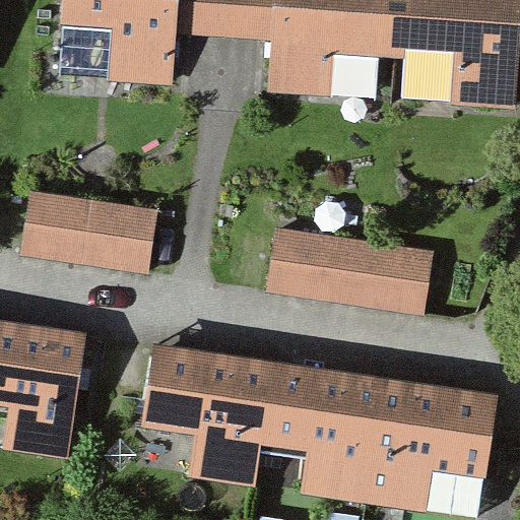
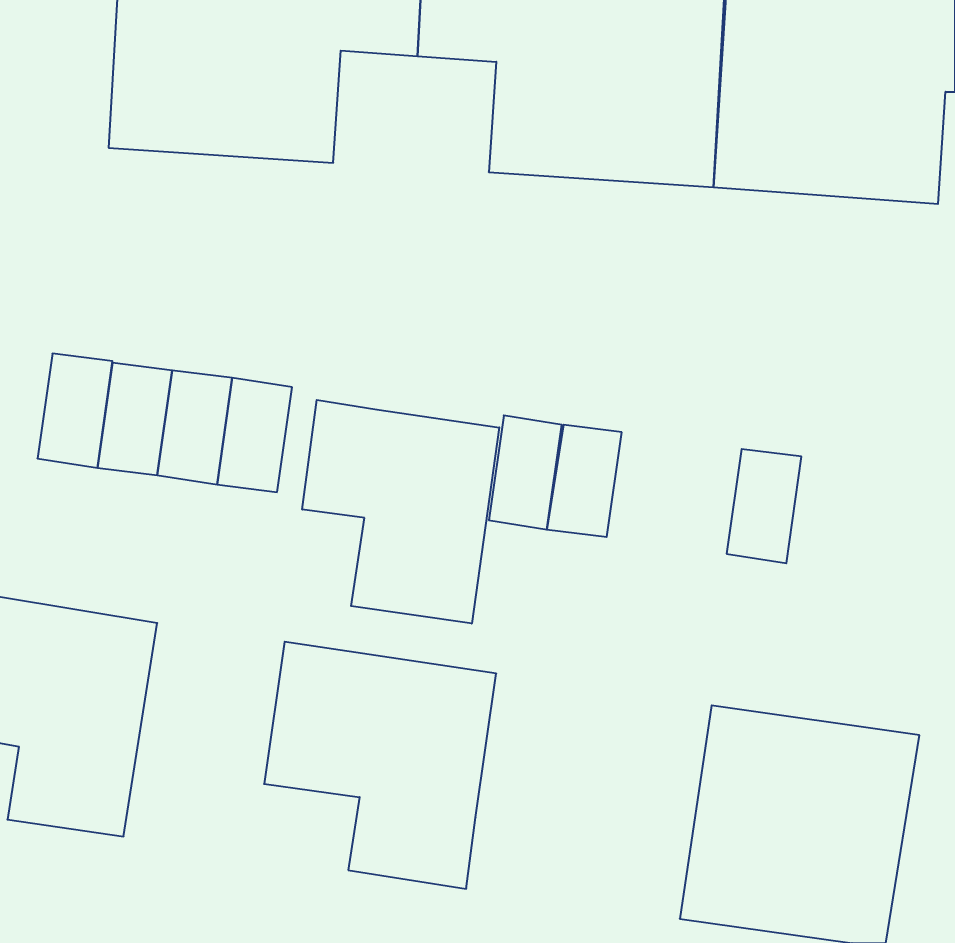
building: none -> [302,400,499,624]
building: [329,235,402,301] -> none
building: [258,366,386,499] -> none

